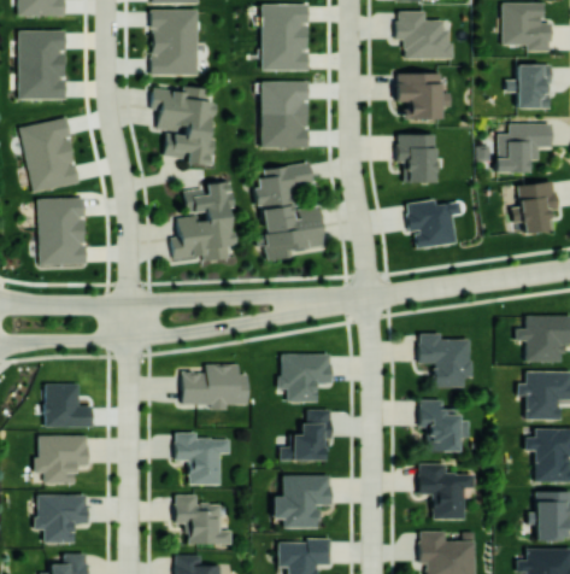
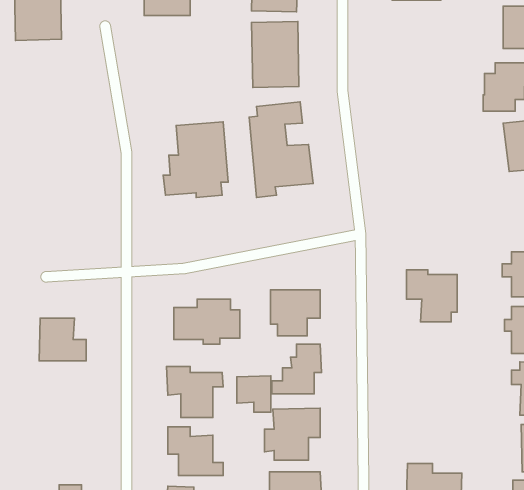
building: [396,72,441,121] -> none
building: [151,87,215,165] -> none
building: [19,118,80,193] -> none
building: [396,134,436,183] -> none
building: [36,198,86,265] -> none
building: [405,200,462,248] -> none
building: [418,400,468,452] -> none
building: [33,435,88,485] -> none
building: none -> [237,376,271,412]
building: [418,463,474,520] -> none
building: [33,494,87,543] -> none

